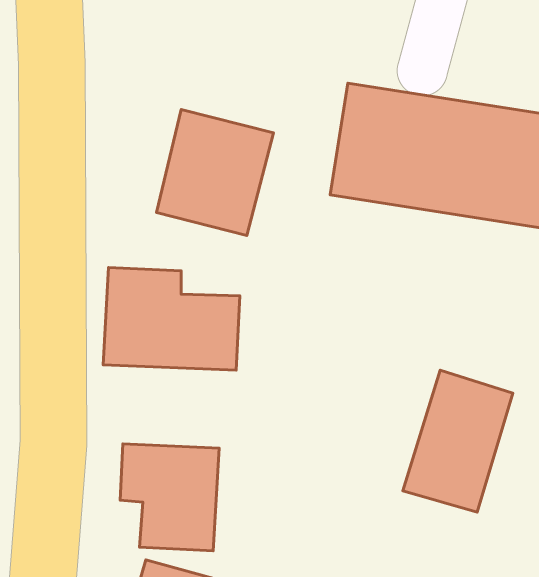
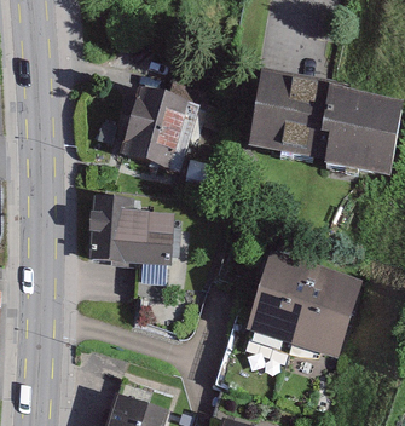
building: none -> [237,252,312,349]
building: [120,444,219,551] -> none

